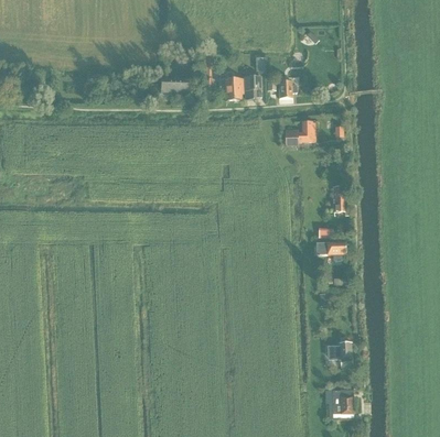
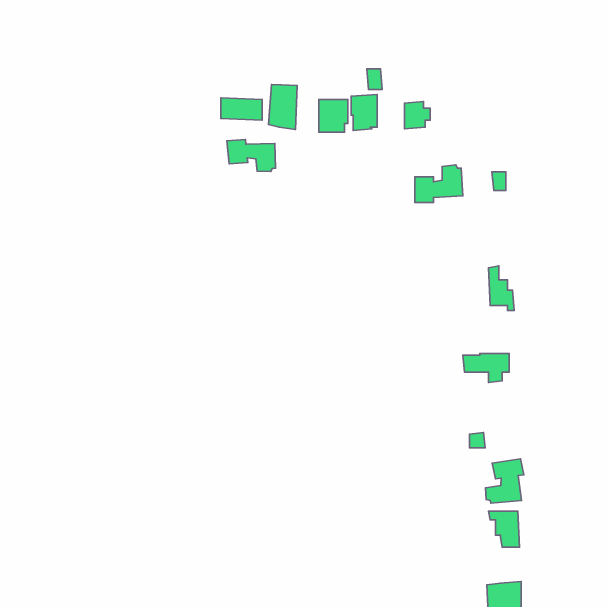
building: none -> [269,85,297,130]
building: none -> [227,139,276,172]
building: none -> [486,459,524,503]

